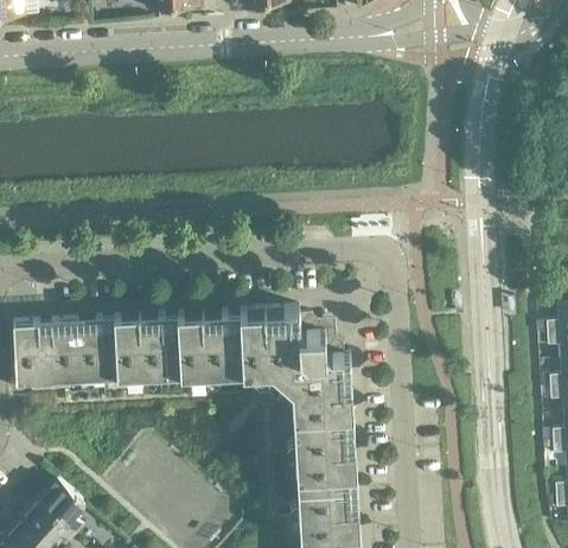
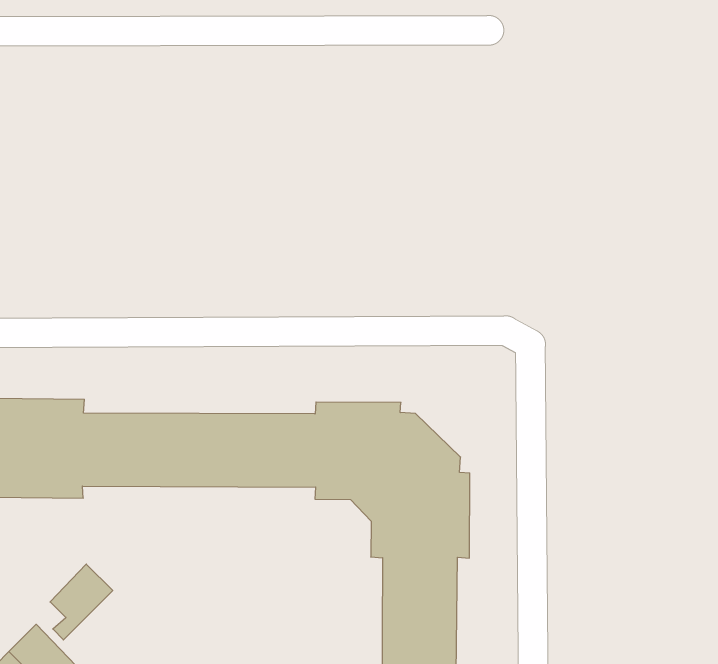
building: none -> [50,564,113,640]

